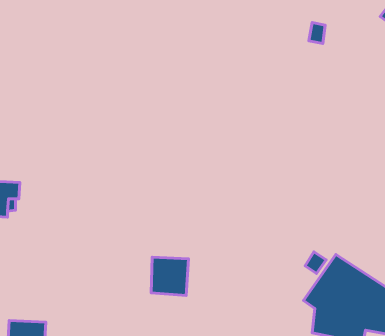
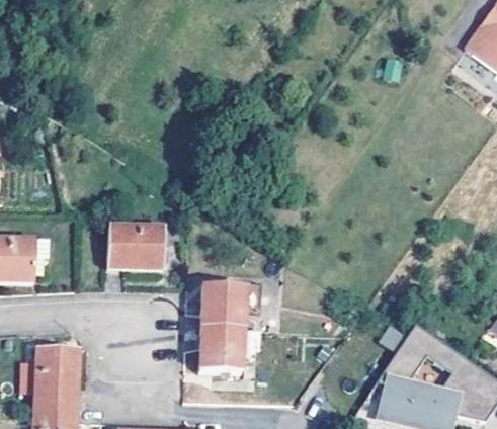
building: none -> [106,225,163,269]
building: none -> [200,290,244,331]
building: none -> [34,348,79,405]

